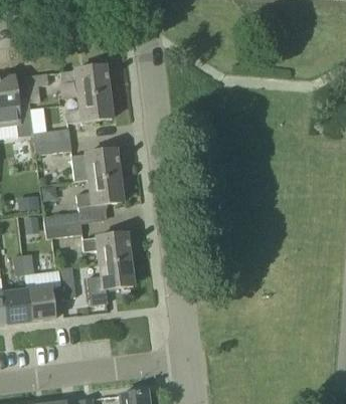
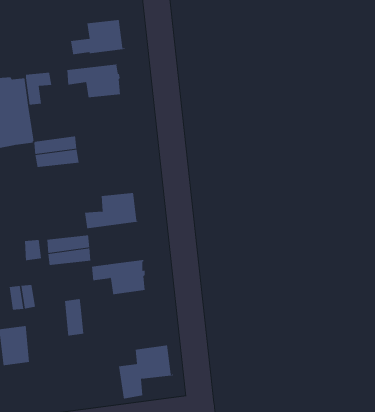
building: [64,91,112,122] -> [70,20,126,55]
building: [70,149,118,180] -> none
building: [85,258,133,305] -> [118,345,174,399]
building: [26,285,54,320] -> none

